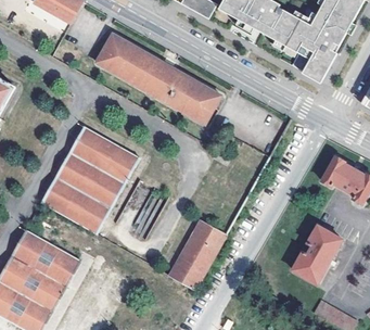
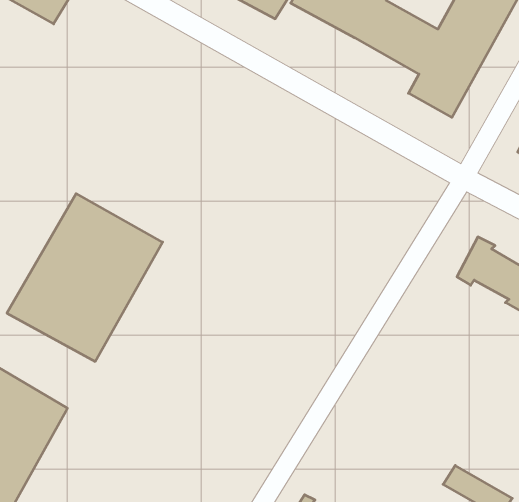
building: [95,33,220,123] -> none
building: [170,218,225,280] -> none
building: [292,224,342,282] -> none

